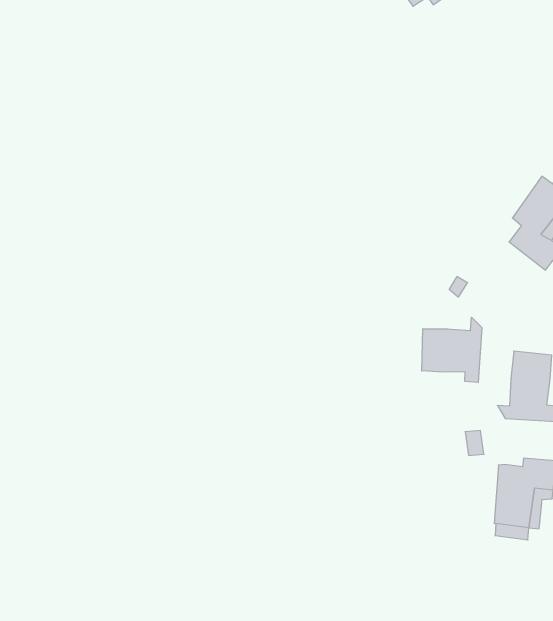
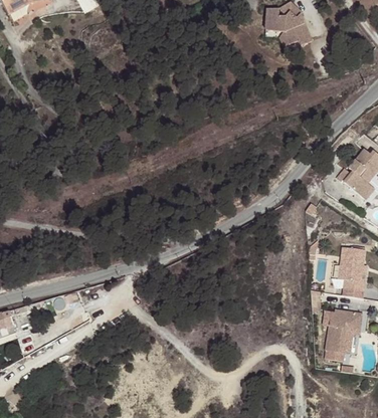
building: [422,317,482,383] -> none

